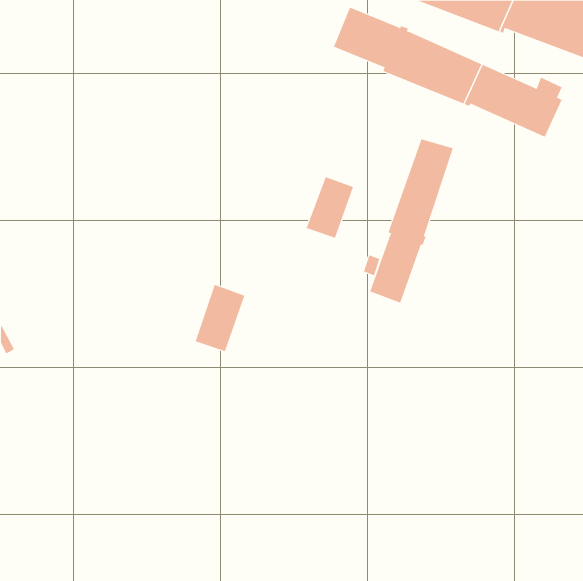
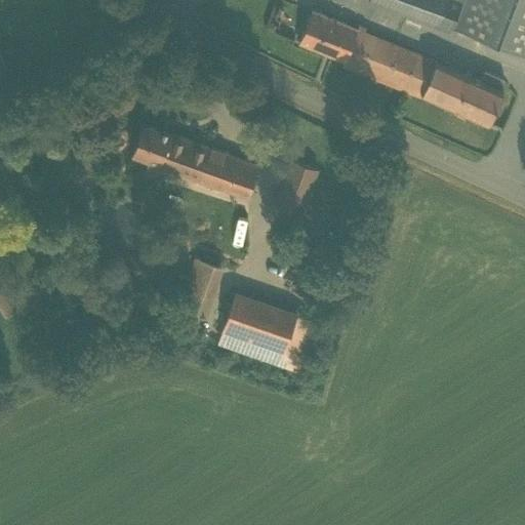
building: none -> [134,127,261,202]
building: [370,139,454,303] -> none
building: none -> [223,294,298,354]

